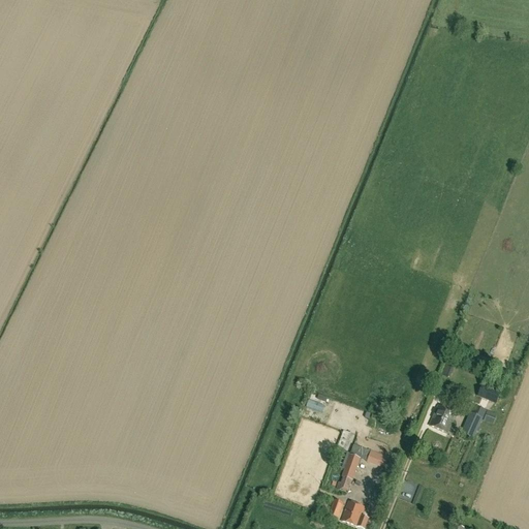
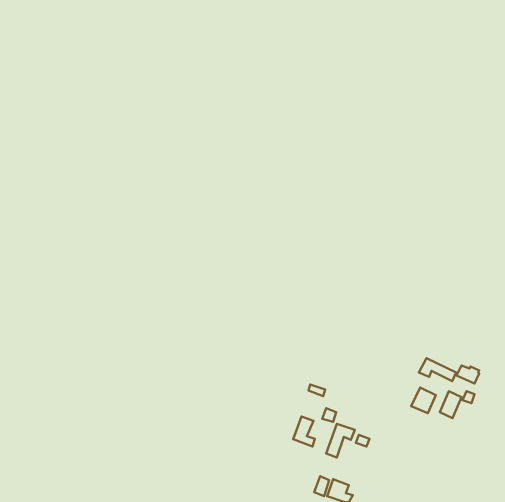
building: none -> [419,358,456,381]
building: none -> [293,416,315,447]

